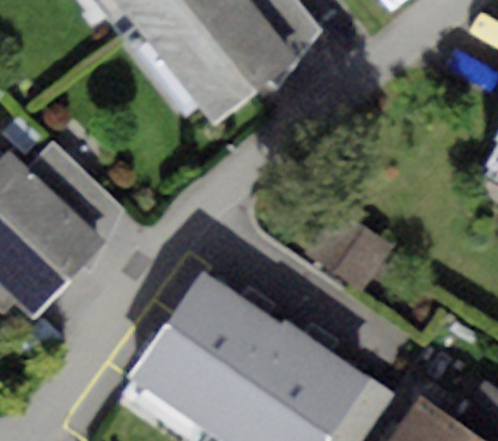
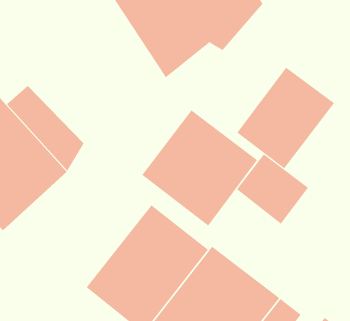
building: none -> [236,67,335,169]
building: none -> [141,109,258,226]

